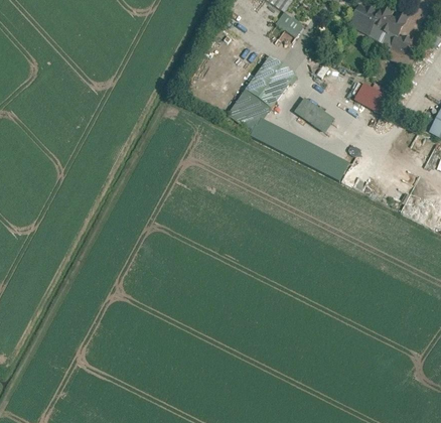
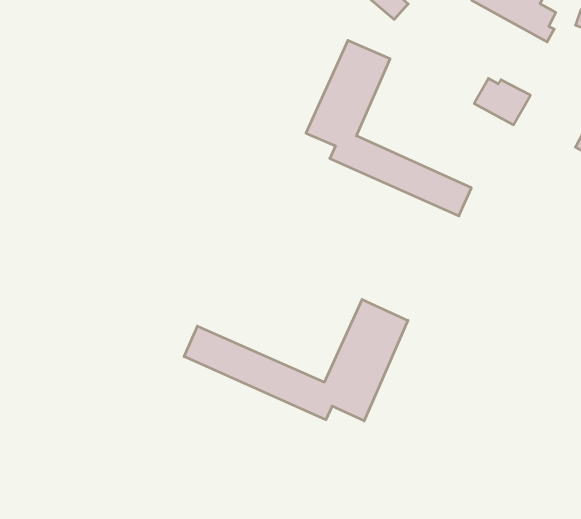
building: [294,96,334,133] -> none
building: none -> [184,299,408,421]

